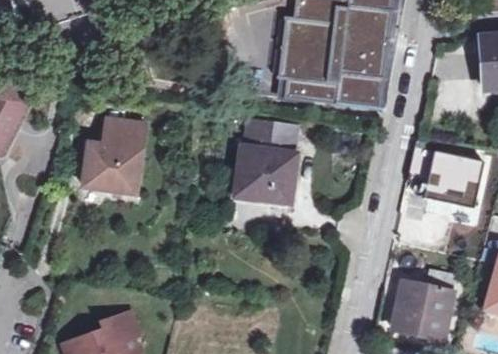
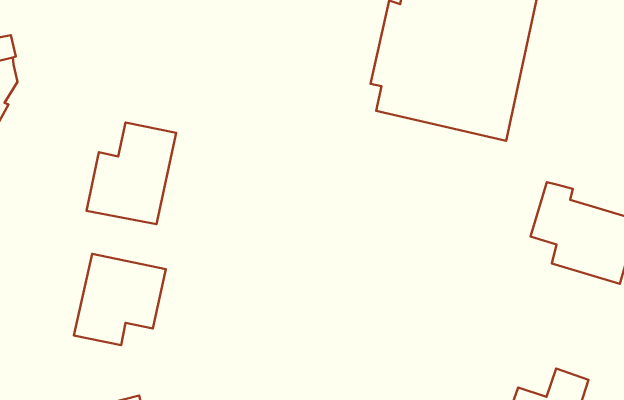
building: [240,117,301,205] -> none
building: none -> [74,254,166,345]

